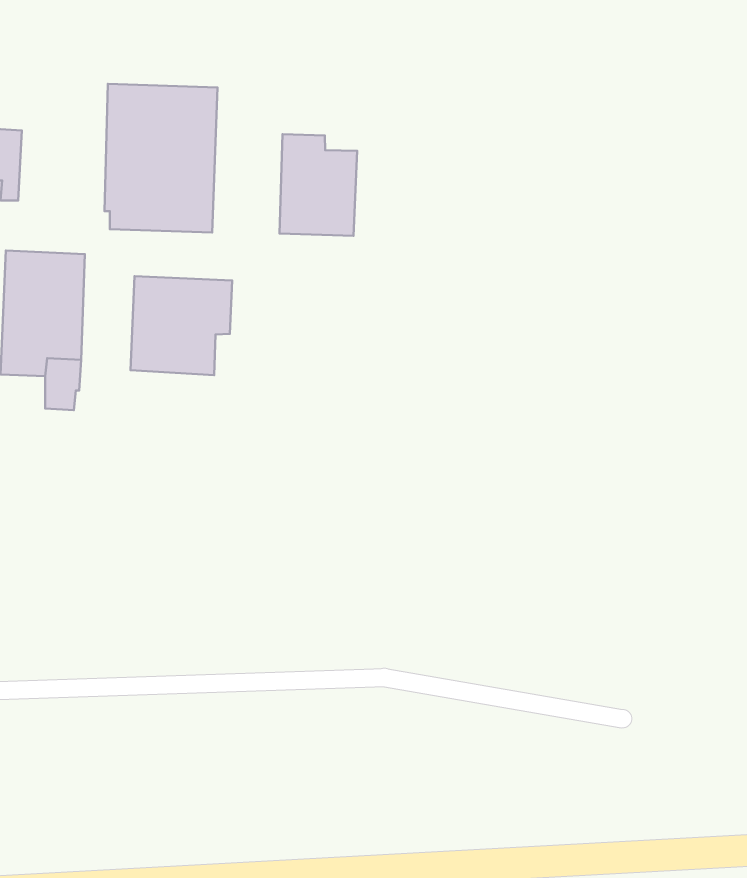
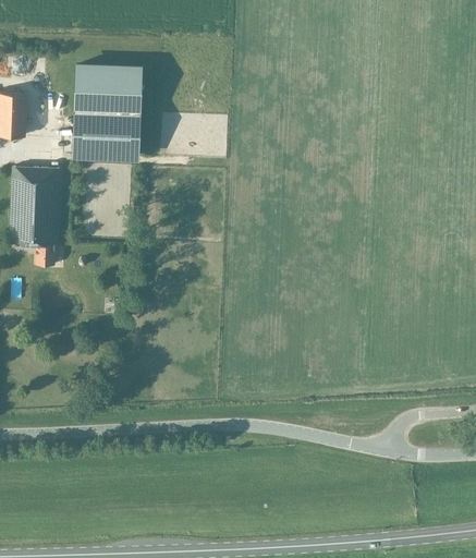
building: [279,134,357,236] -> none
building: [130,276,232,375] -> none

